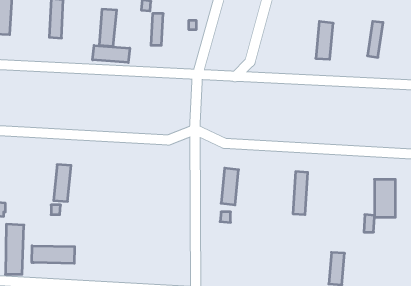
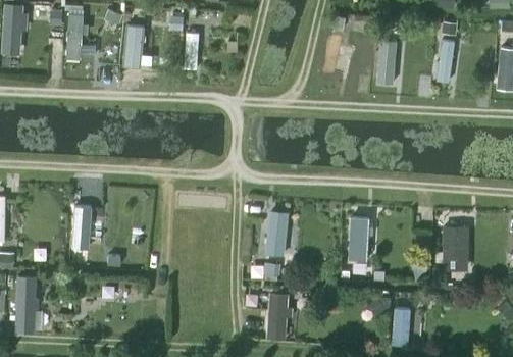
building: [93,45,130,63] -> none
building: none -> [265,292,287,339]
building: [32,246,75,263] -> none

